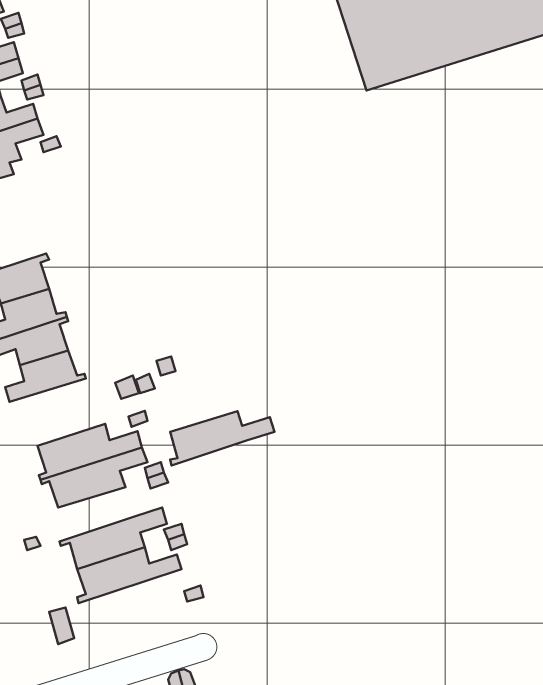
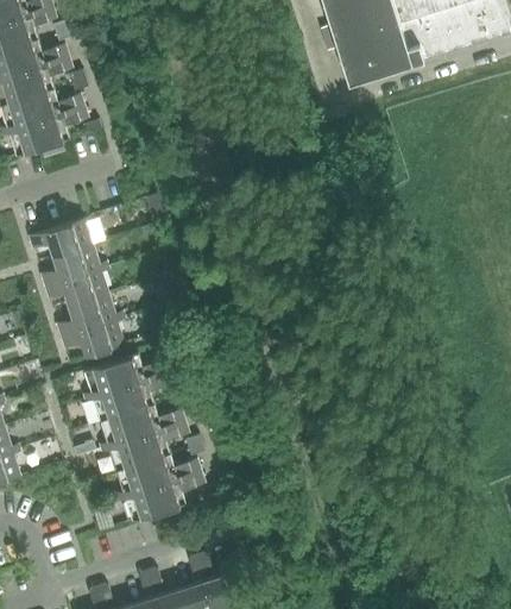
building: none -> [61,316,125,357]
building: [170,411,274,466] -> [100,404,184,448]
building: none -> [116,471,204,522]

